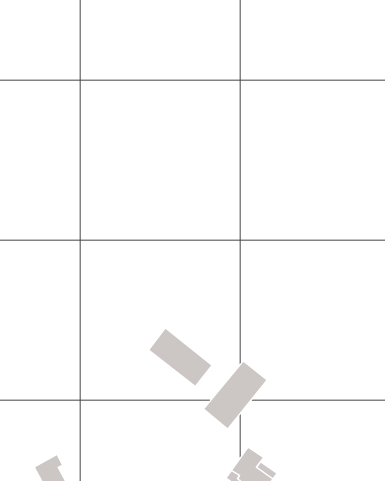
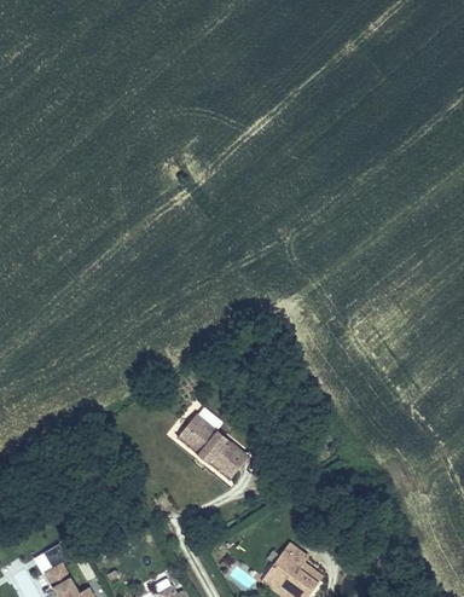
building: [204,361,267,429] -> none

